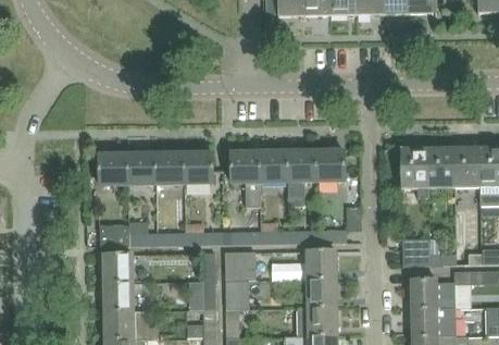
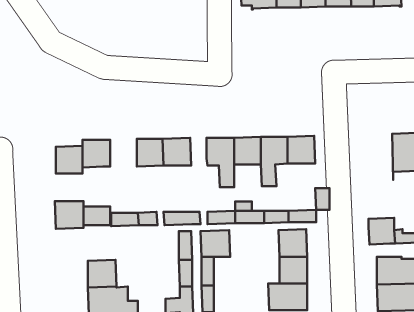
building: [400,148,428,198] -> none
building: [128,155,157,184] -> [56,146,82,174]
building: [103,255,134,284] -> [55,201,84,229]

